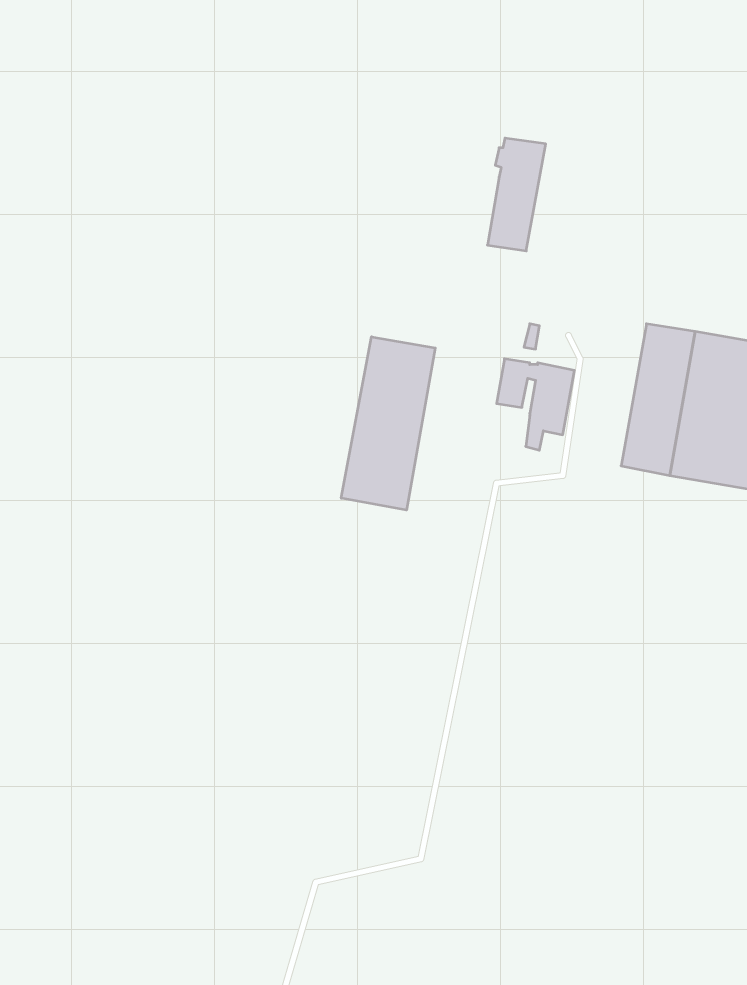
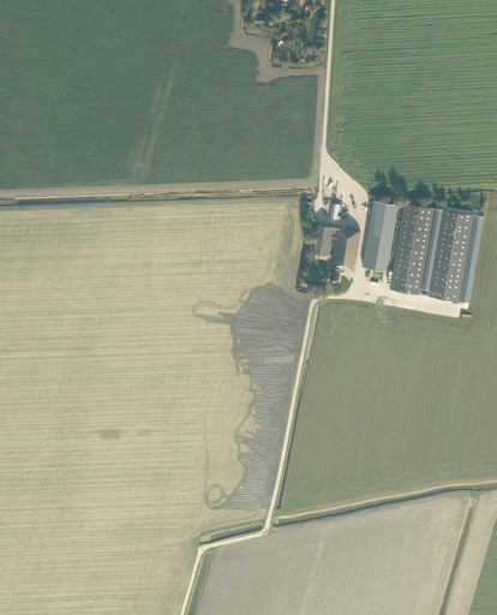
building: [487,138,546,251] -> [361,199,397,269]
building: [341,337,435,510] -> none

